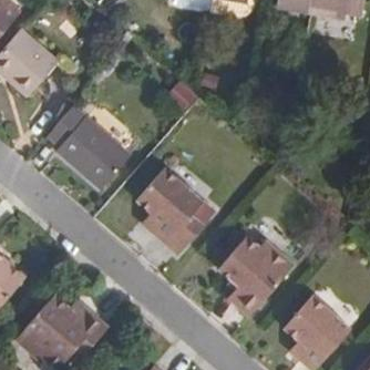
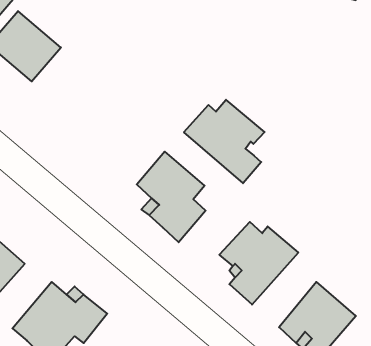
building: [49,104,131,188] -> none
building: none -> [184,100,265,183]

